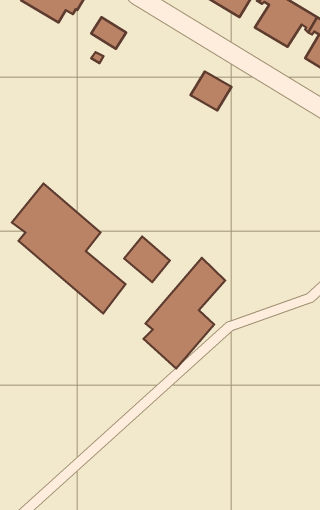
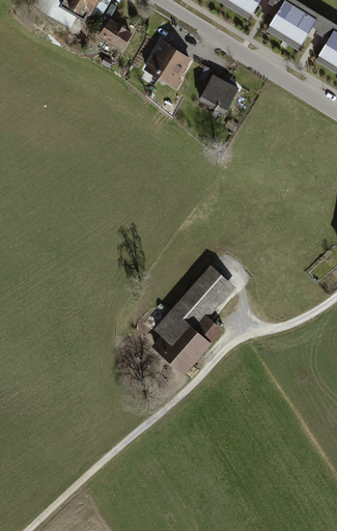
building: none -> [143,38,193,90]
building: [12,183,126,314] -> none
building: [124,236,170,282] -> none

